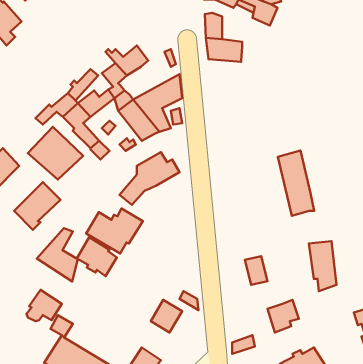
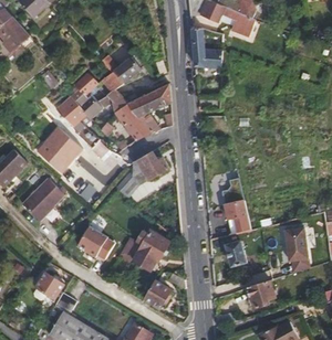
building: [278,151,314,216] -> [218,178,250,235]
building: [86,208,143,254] -> [120,231,169,270]
building: [37,228,78,281] -> none

